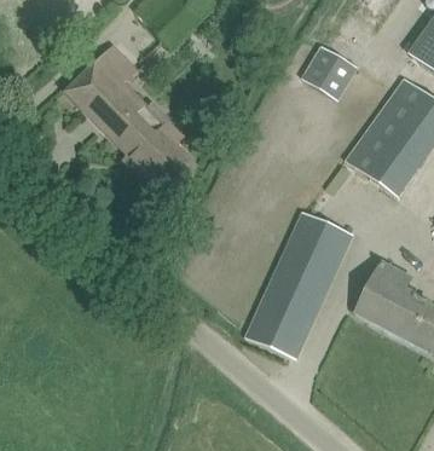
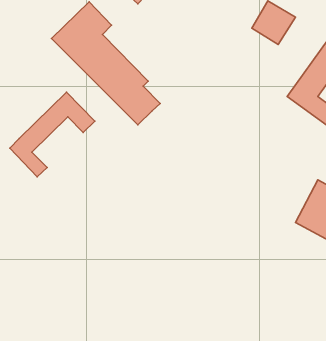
building: none -> [10,92,95,177]
building: [245,208,352,358] -> none

